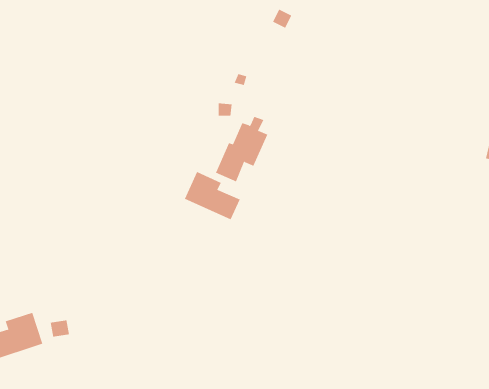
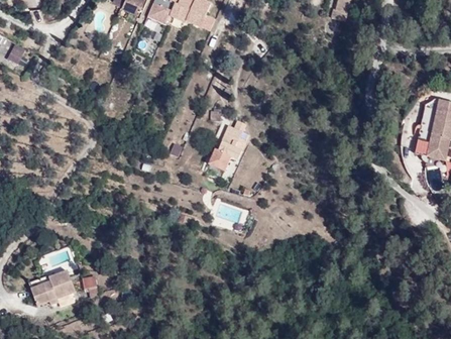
building: [184,171,240,220] -> none

